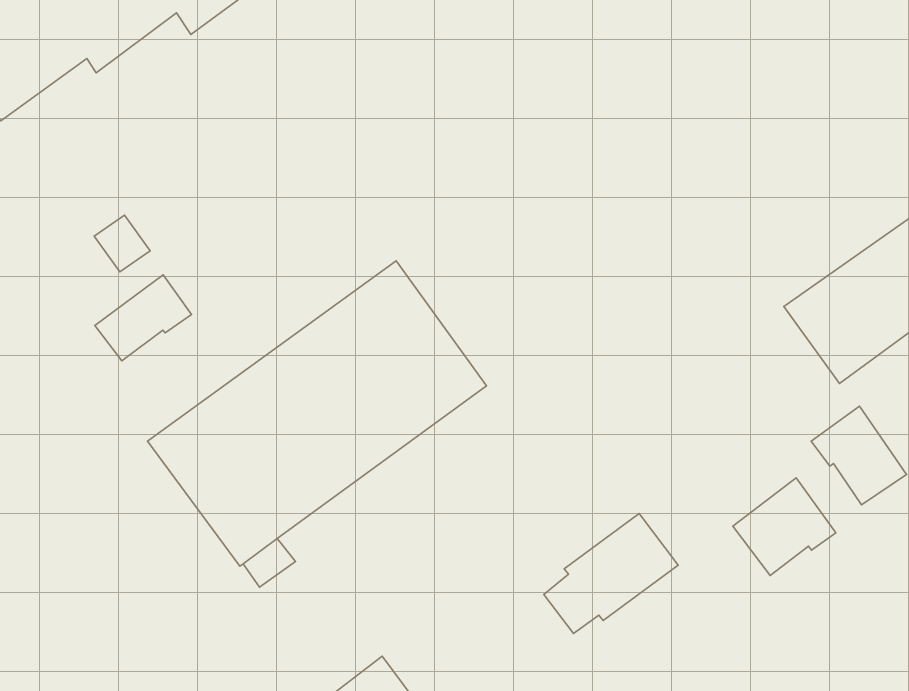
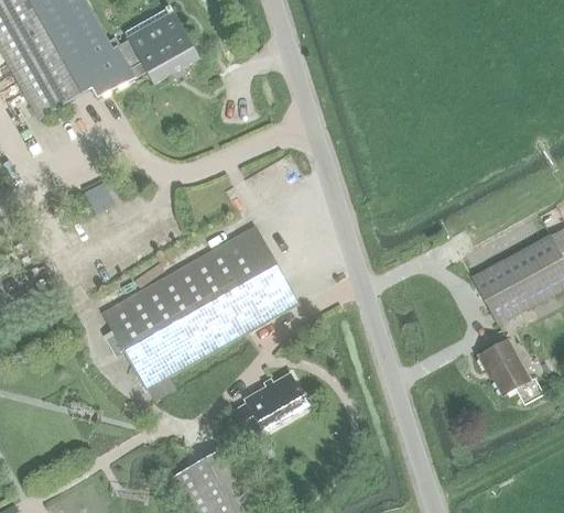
building: [95,275,191,361] -> none
building: [733,478,836,575] -> none
building: [544,513,678,634] -> [230,372,308,436]

